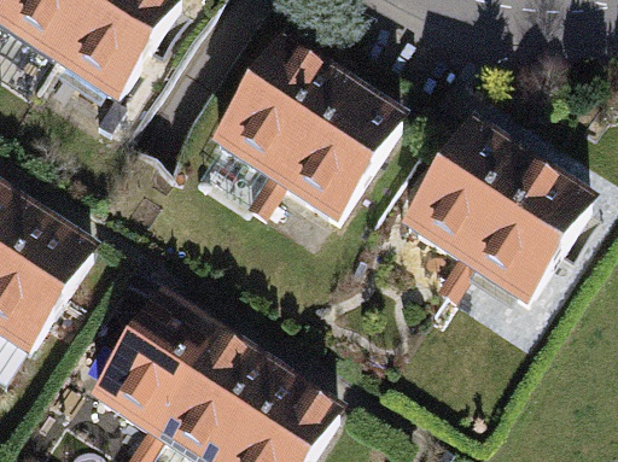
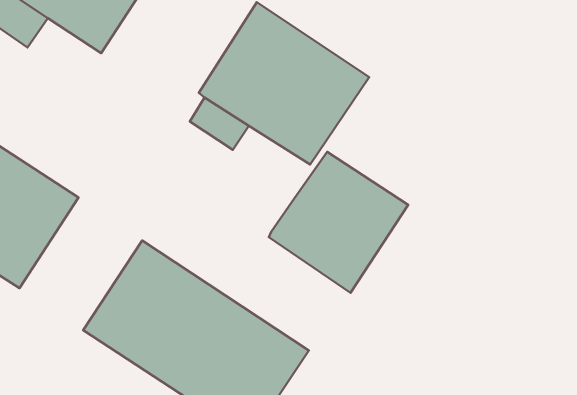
building: [402,125,583,298] -> none
building: none -> [269,152,408,293]

